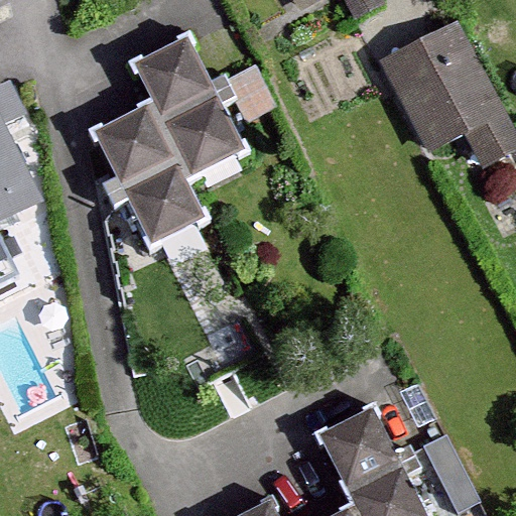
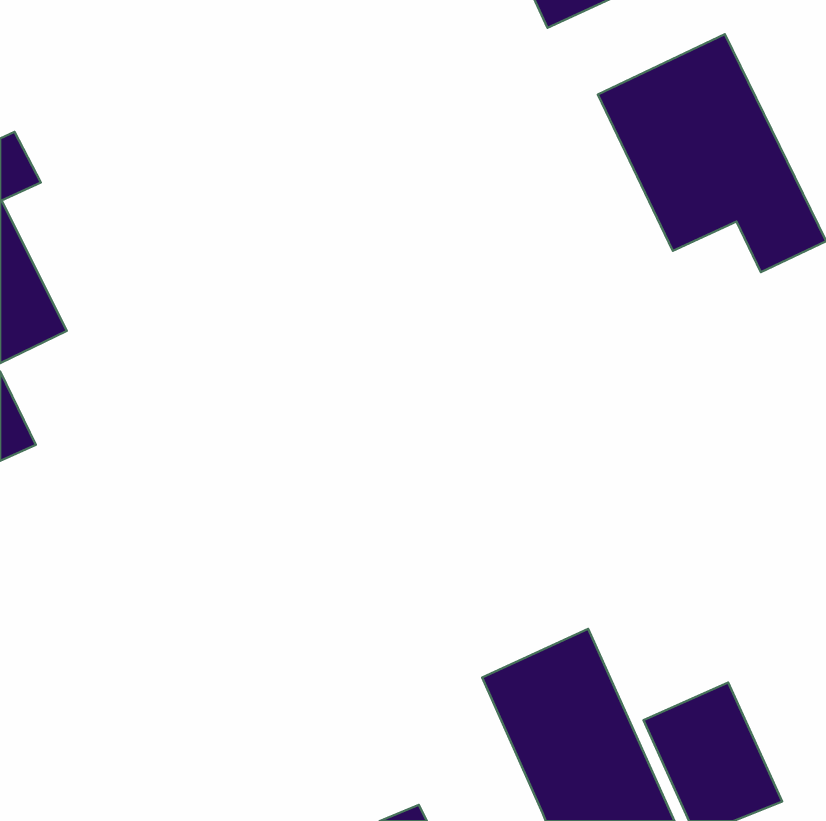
building: [99,43,244,246] -> none

